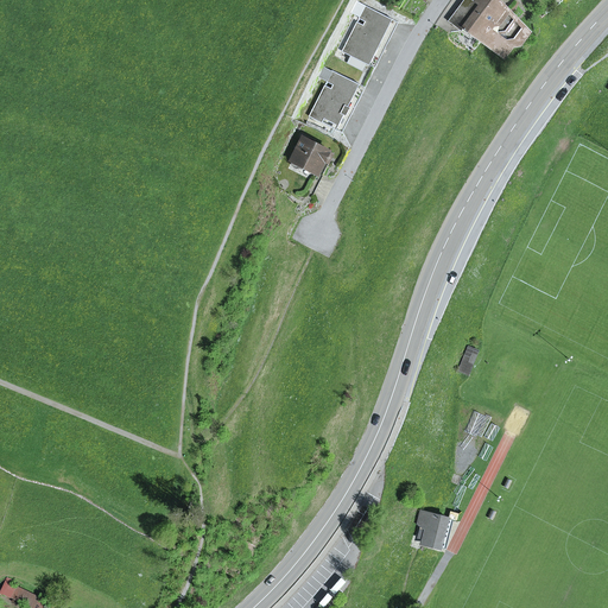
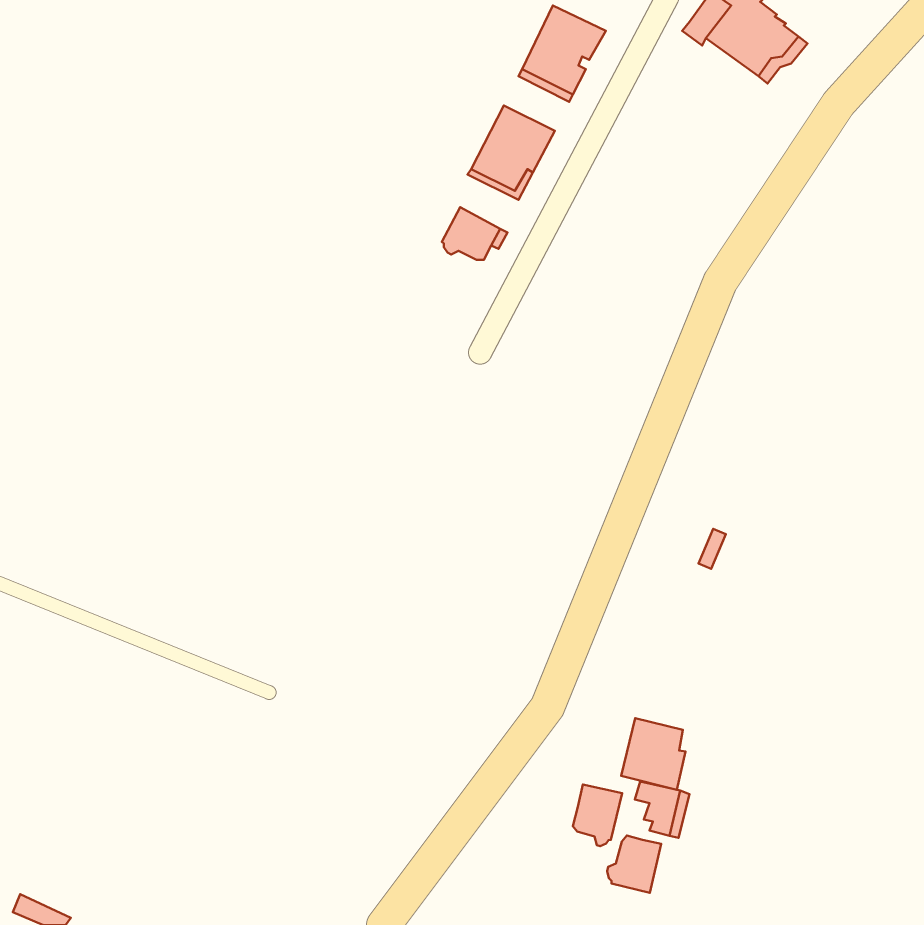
building: none -> [621,718,686,790]
building: none -> [573,784,622,846]
building: none -> [607,836,661,893]

